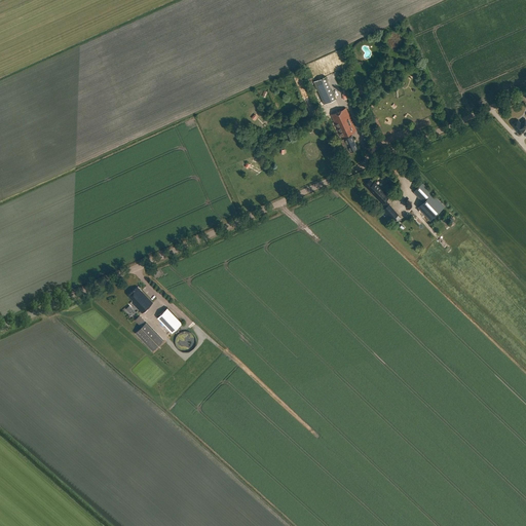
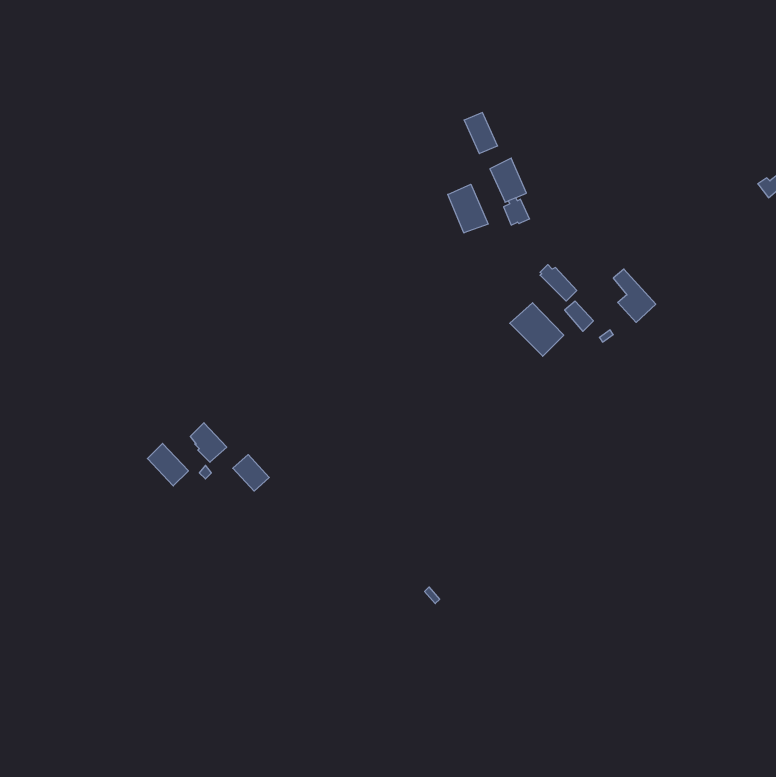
building: none -> [448,184,488,233]
building: none -> [510,303,564,356]
building: [136,322,163,350] -> [147,443,188,486]

